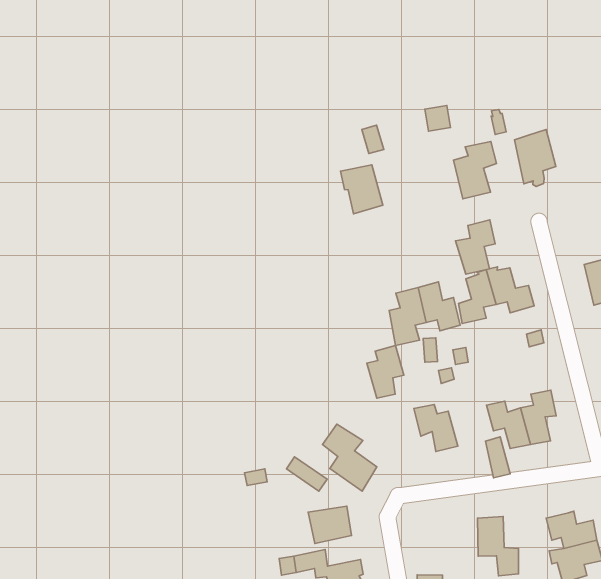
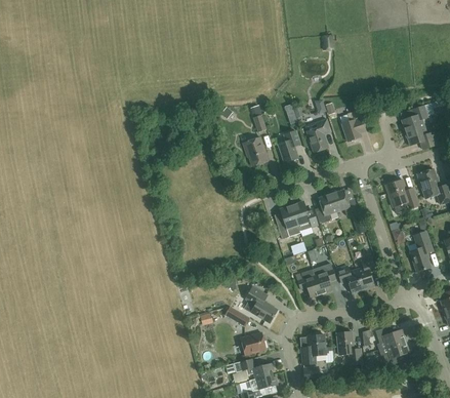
building: [456,220,495,274] -> [278,130,300,162]
building: [367,345,404,398] -> [315,263,336,293]
building: none -> [302,334,326,364]

